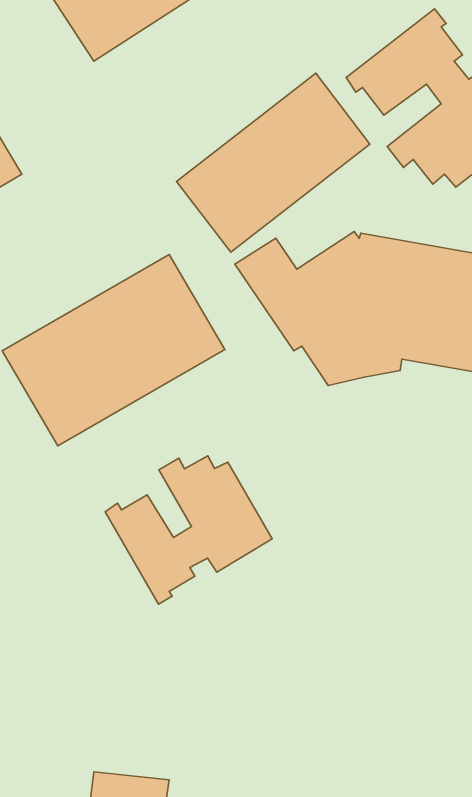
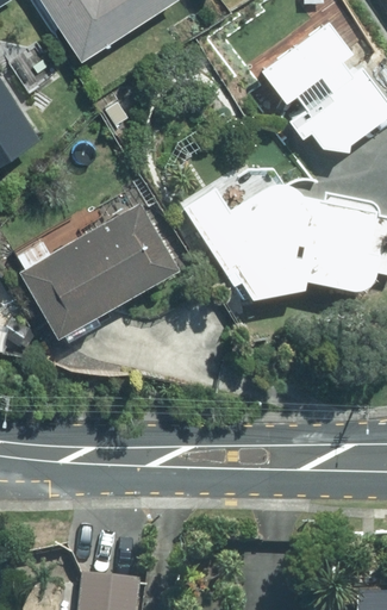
building: [177,73,370,252] -> none
building: [105,456,272,604] -> none

